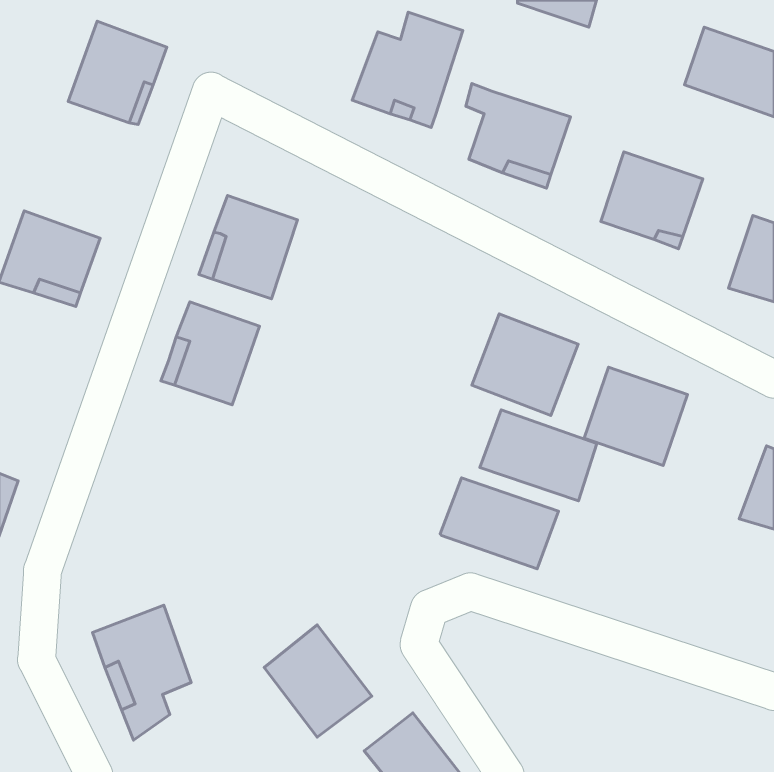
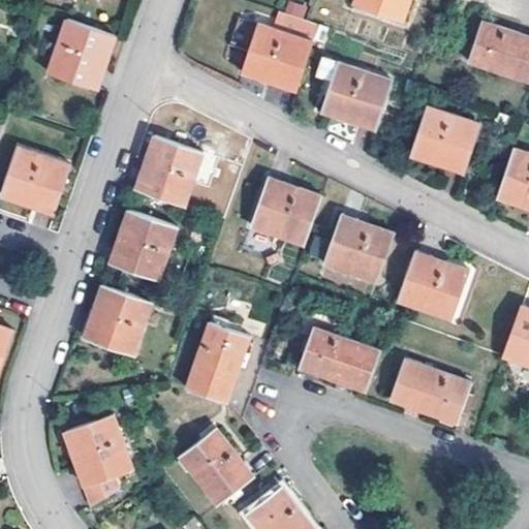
building: none -> [250,178,320,245]
building: [480,410,597,501] -> [390,360,469,422]
building: none -> [83,284,152,354]
building: none -> [184,322,248,403]

